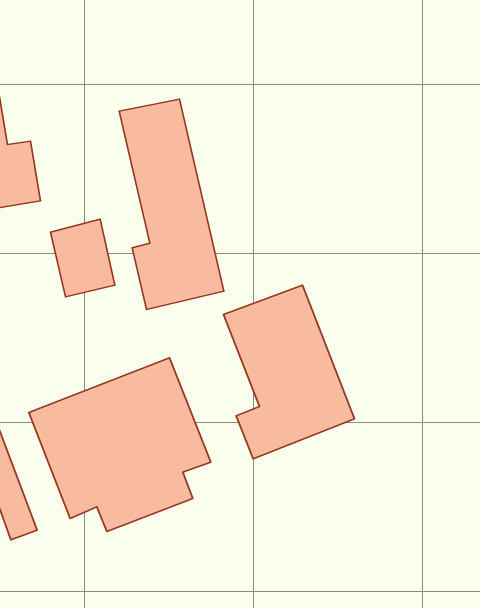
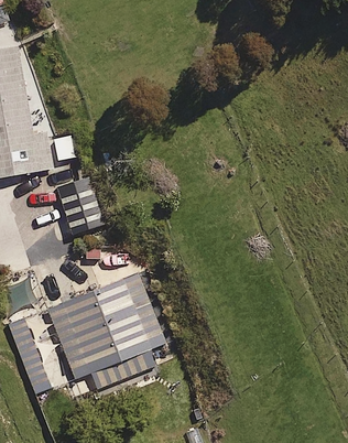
building: [119,99,224,310] -> none
building: [224,285,354,459] -> none

